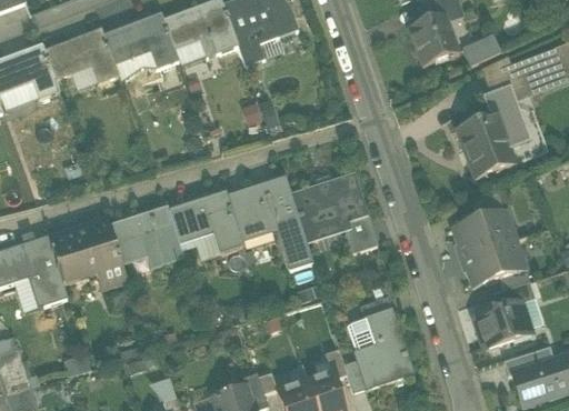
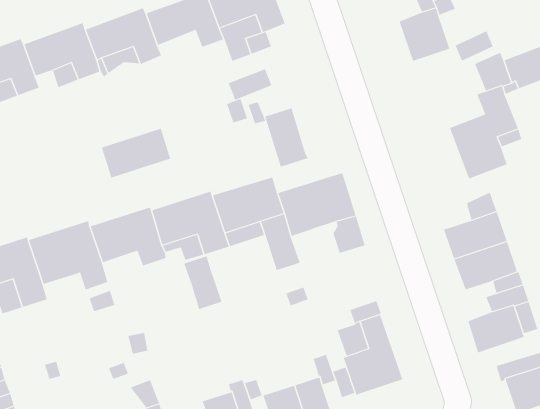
building: [173,34,217,66] -> [228,68,272,100]
building: none -> [265,107,308,167]
building: none -> [101,128,171,179]
building: none -> [183,256,222,310]

